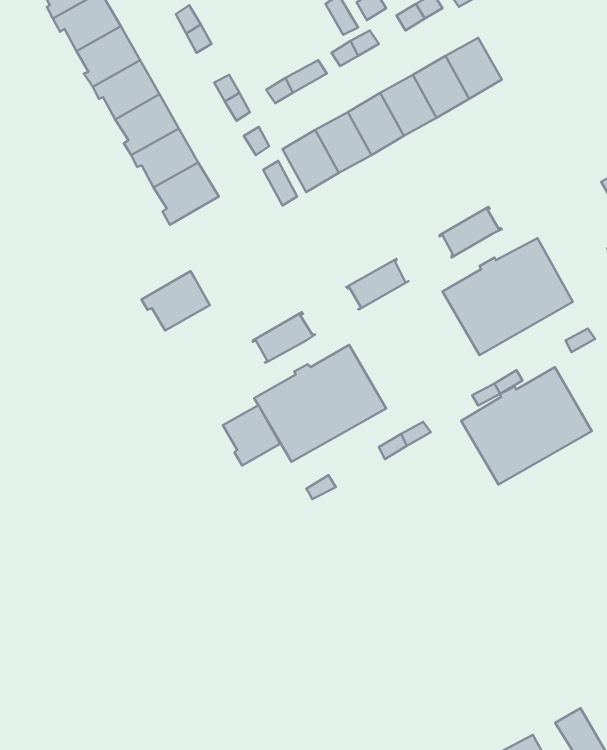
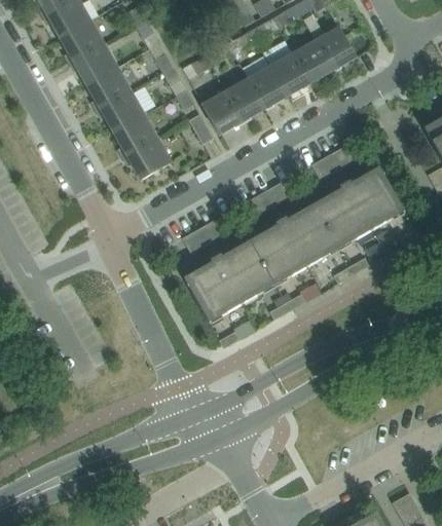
building: [142,271,210,331] -> [124,138,172,179]
building: [461,367,592,484] -> [249,203,339,285]
building: [223,405,280,465] -> none

